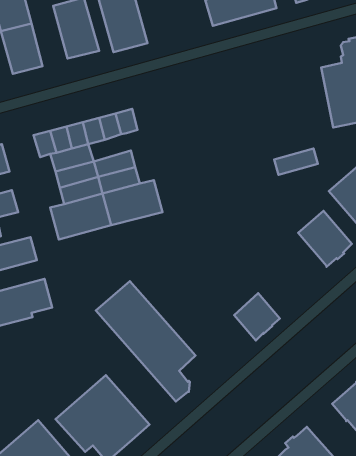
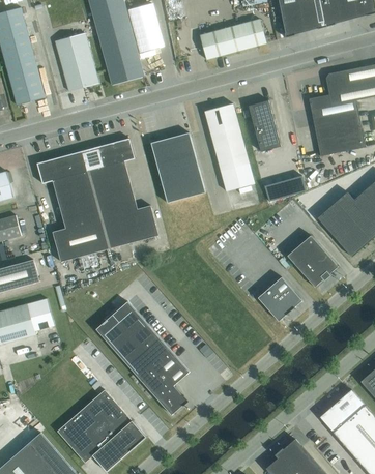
building: none -> [248,100,281,152]
building: none -> [204,103,254,191]
building: none -> [150,132,205,203]
building: none -> [88,161,128,188]
building: [234,293,280,340] -> [258,277,301,322]

